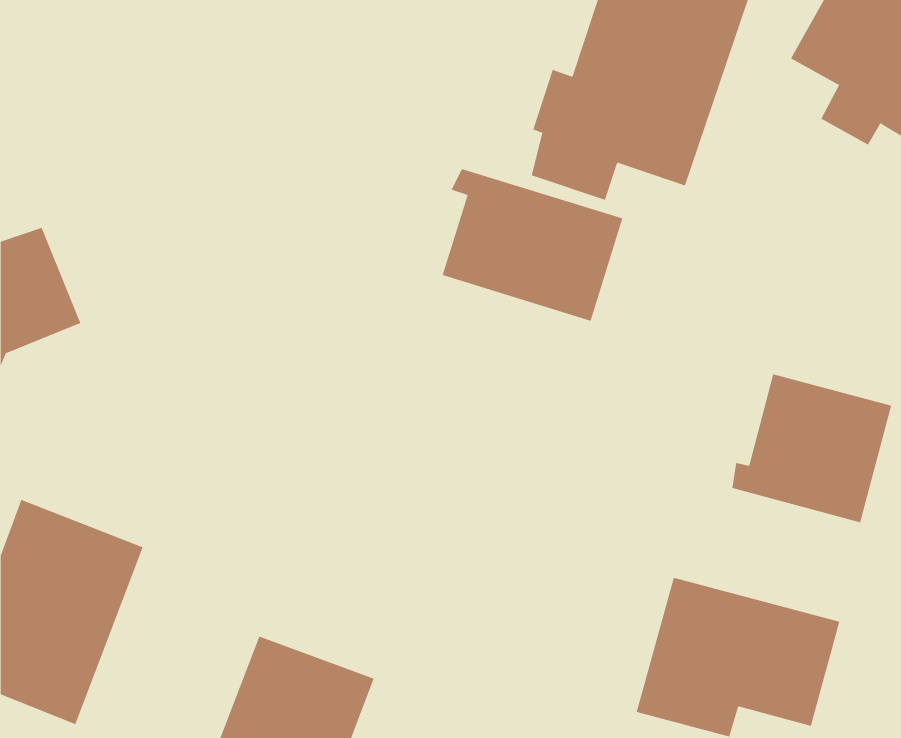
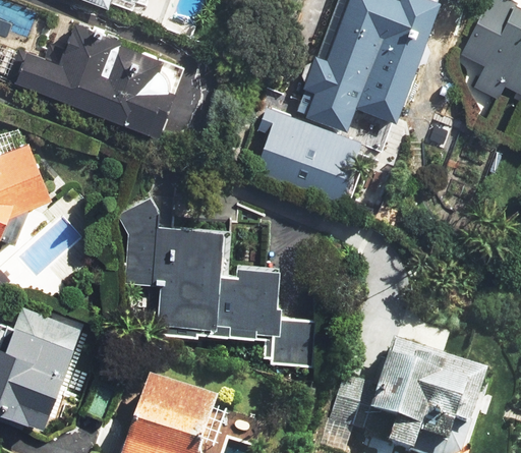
building: none -> [17,25,186,139]
building: none -> [119,194,313,364]
building: [732,374,892,523] -> none

